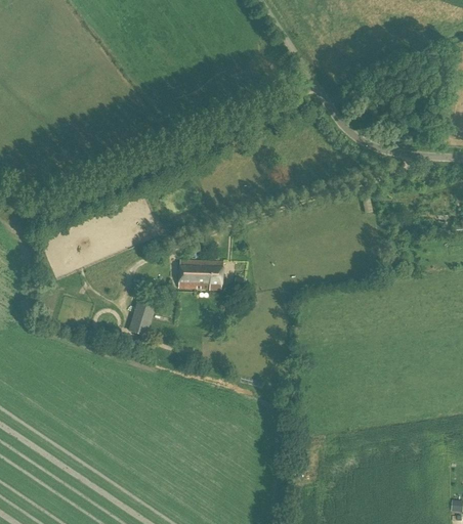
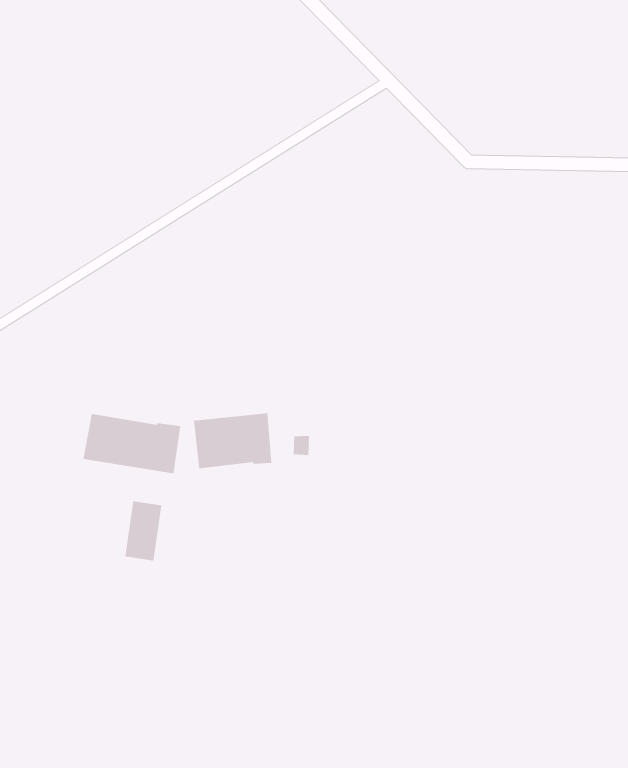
building: none -> [83,413,181,474]

